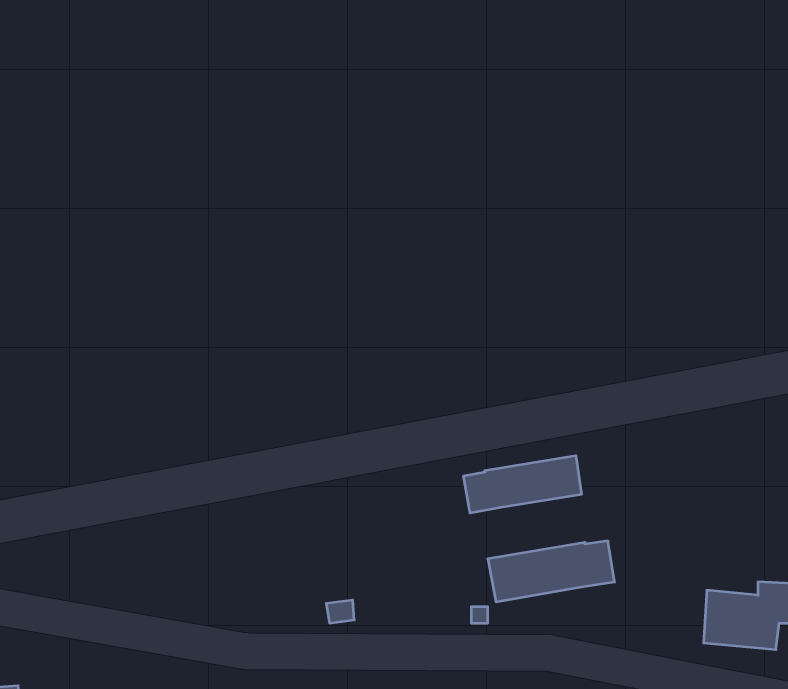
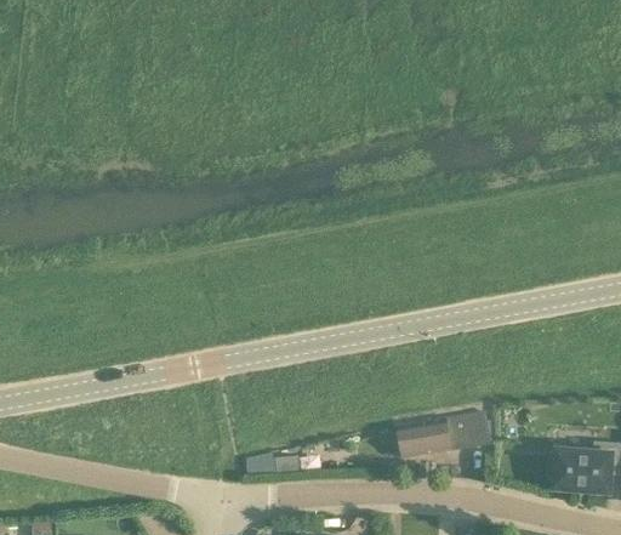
building: [464,456,581,513] -> none

